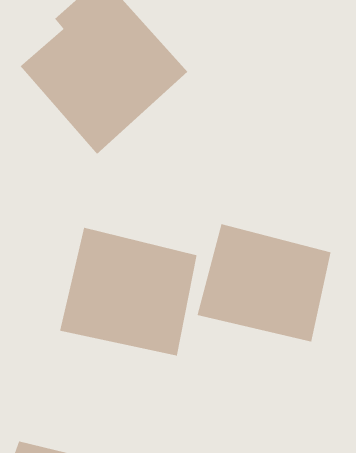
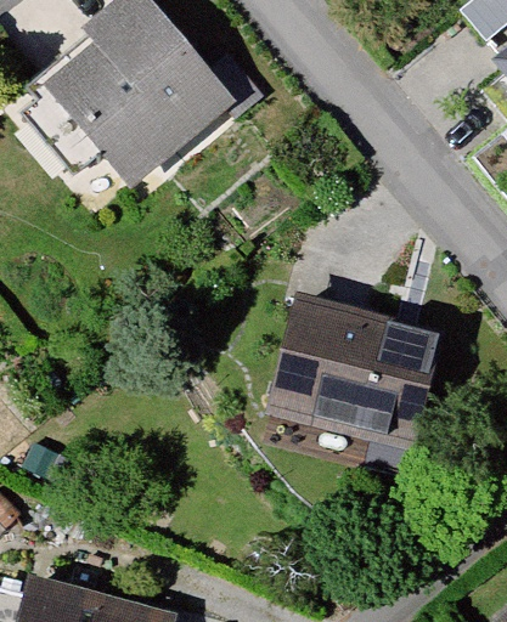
building: [59,227,197,356] -> none

